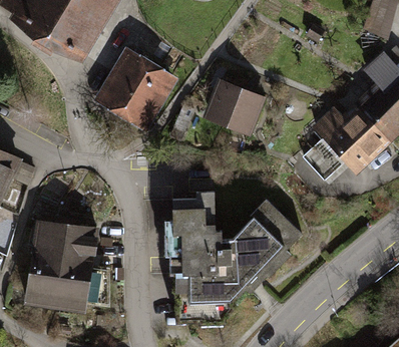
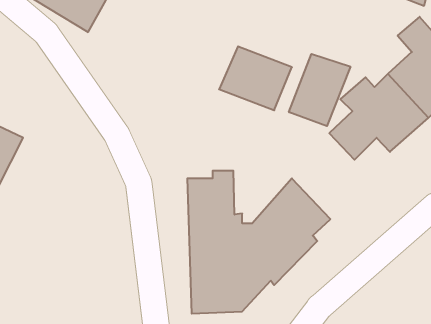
building: [93,46,177,131] -> none
building: none -> [289,54,350,126]
building: [21,219,108,312] -> none

